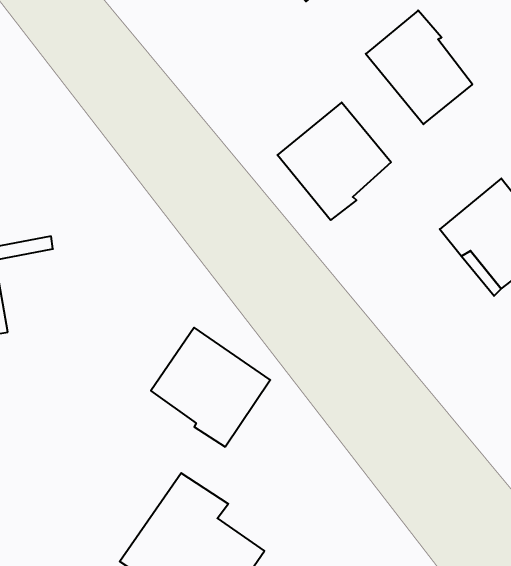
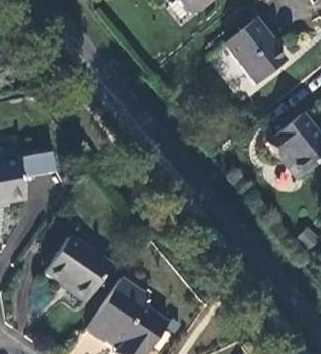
building: [277,102,391,220] -> none
building: [151,328,270,447] -> [47,235,113,301]

